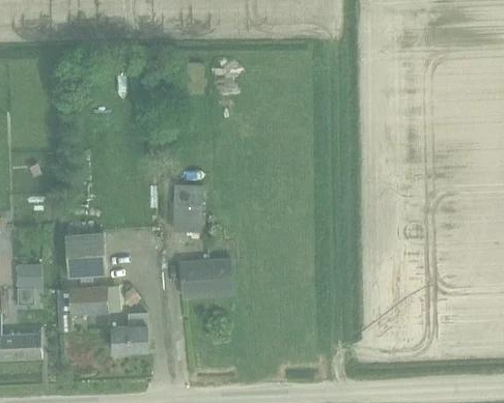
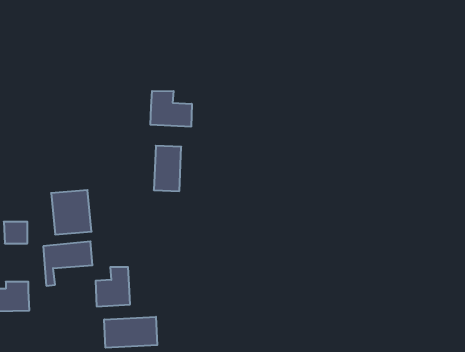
building: none -> [150,91,192,127]
building: [179,258,232,298] -> none
building: none -> [104,317,157,348]

